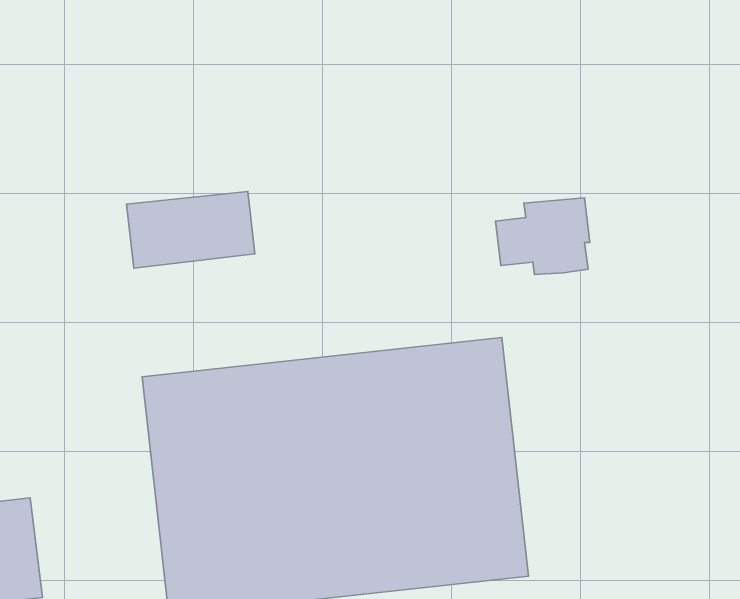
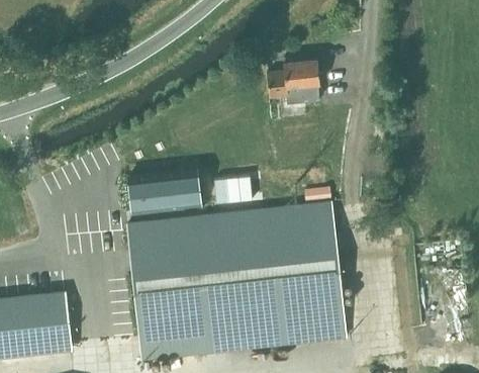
building: [127,192,255,268] -> [128,170,201,213]
building: [495,198,590,275] -> [266,60,319,103]

